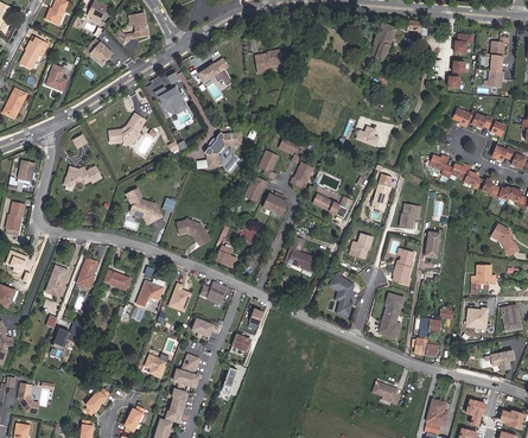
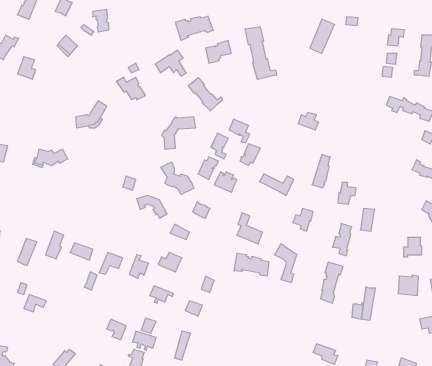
building: none -> [176,16,213,40]
building: none -> [245,27,276,79]
building: none -> [188,78,223,111]
building: [430,155,482,190] -> none
building: [126,189,163,224] -> [161,162,194,195]
building: none -> [234,253,269,276]

